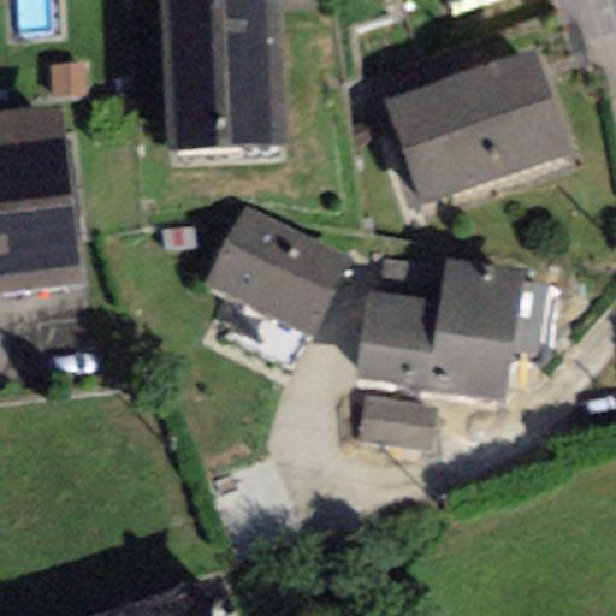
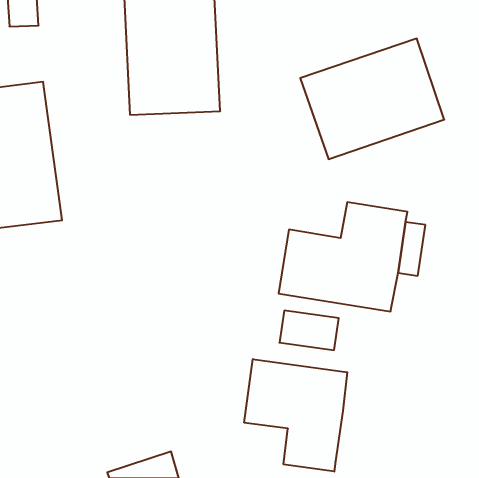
building: [202,205,350,337] -> none
building: none -> [244,359,347,472]

